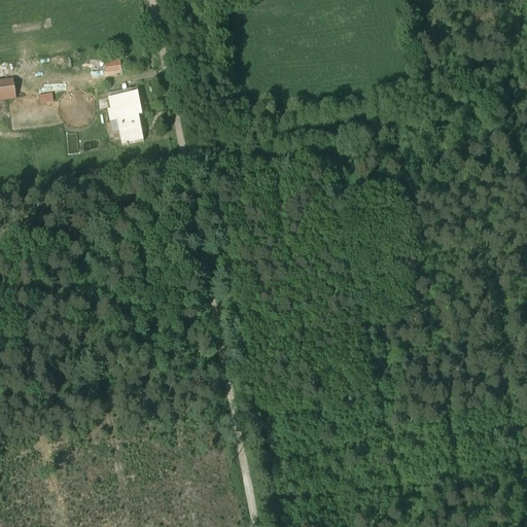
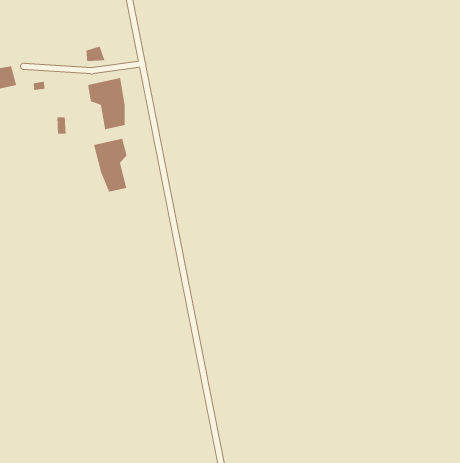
building: none -> [93,138,127,192]

